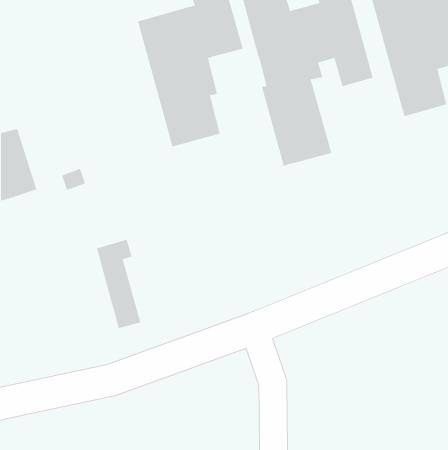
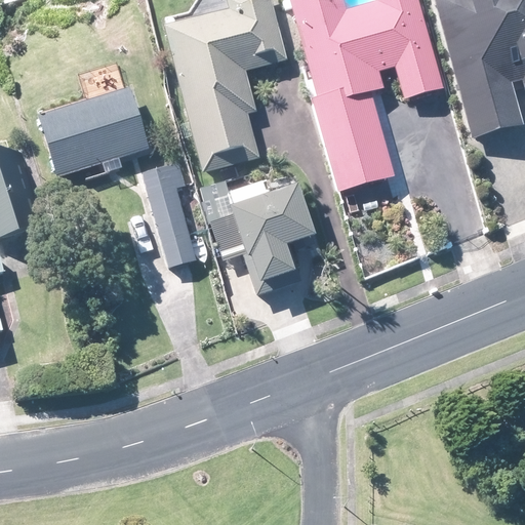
building: none -> [38,86,150,175]
building: none -> [228,184,314,294]
building: [96,239,141,329] -> [145,161,197,265]

